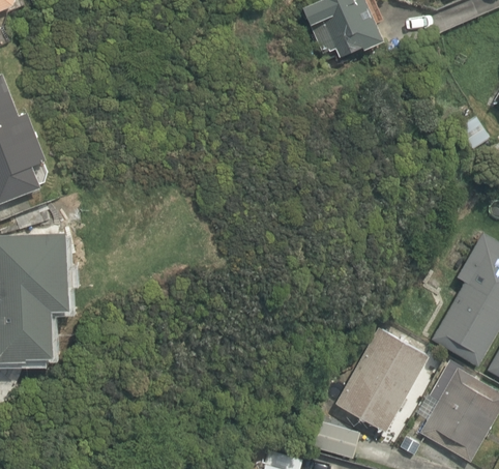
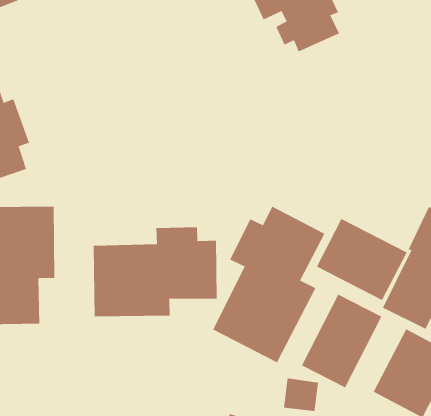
building: none -> [212,206,325,363]
building: none -> [316,218,407,301]
building: none -> [93,227,217,317]

